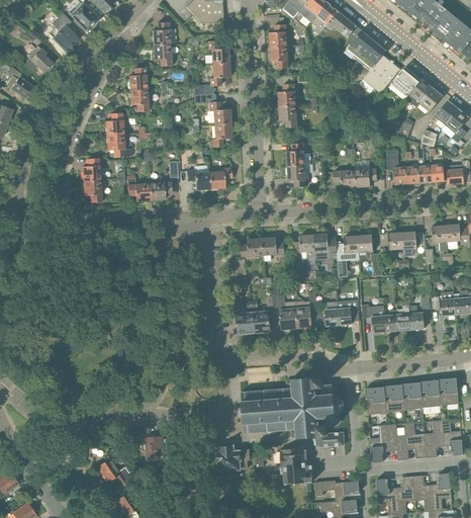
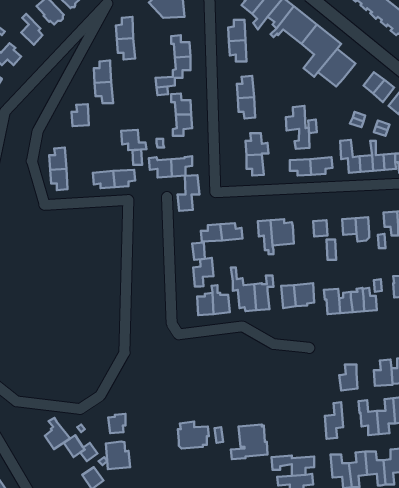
building: [389,66,421,99] -> none
building: none -> [286,106,310,149]
building: [106,135,132,156] -> [121,130,146,150]
building: none -> [178,175,200,211]
building: [337,235,360,261] -> none
building: none -> [193,258,213,287]
building: [242,376,344,446] -> none
building: [403,381,422,410] -> none
building: [367,386,387,414] -> none
building: [387,424,409,460] -> none
building: none -> [45,418,70,449]
building: none -> [106,442,130,469]

